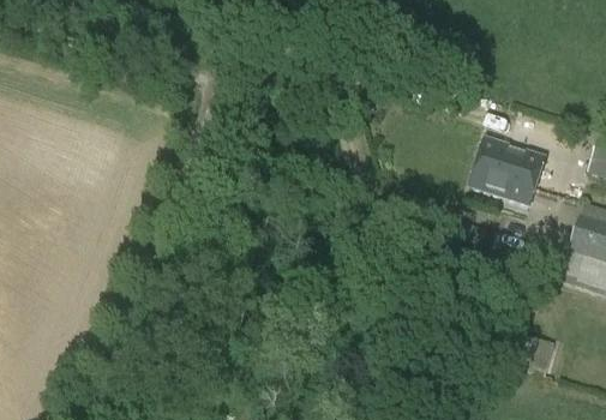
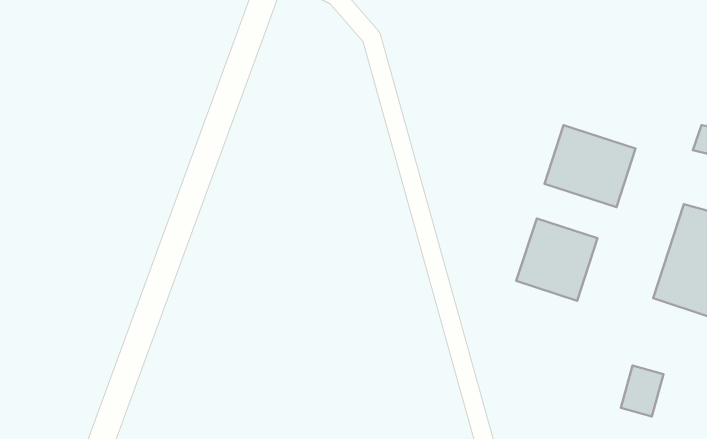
building: none -> [516,218,597,301]

